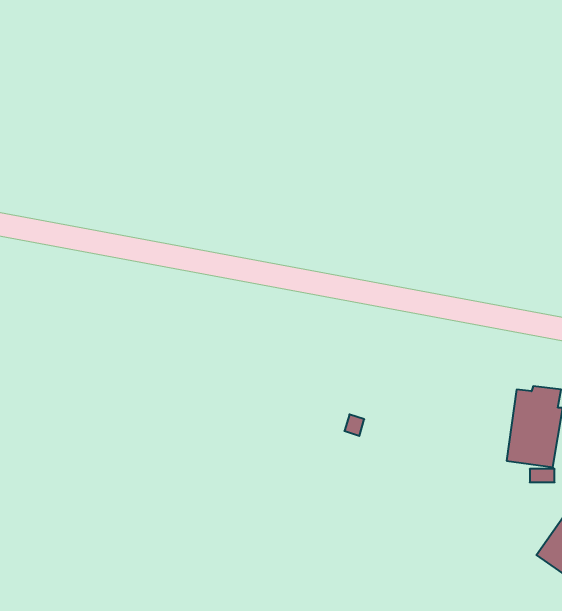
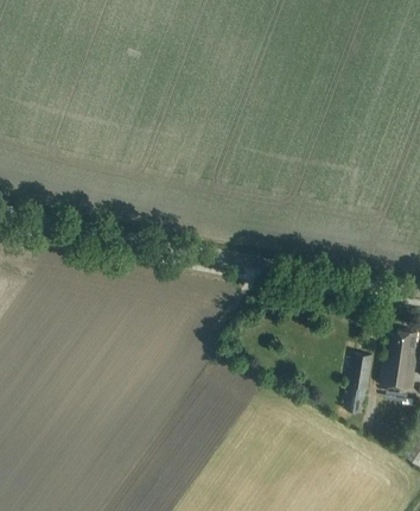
building: none -> [343,352,371,411]

